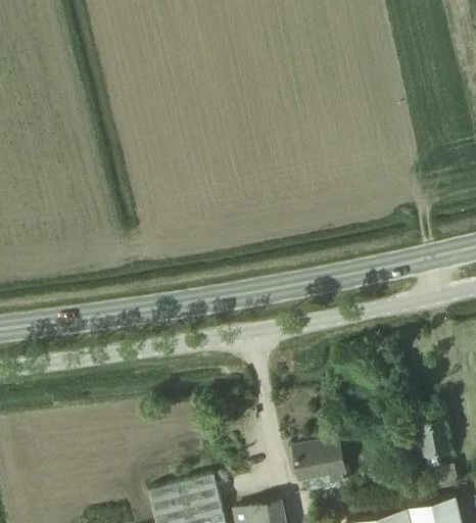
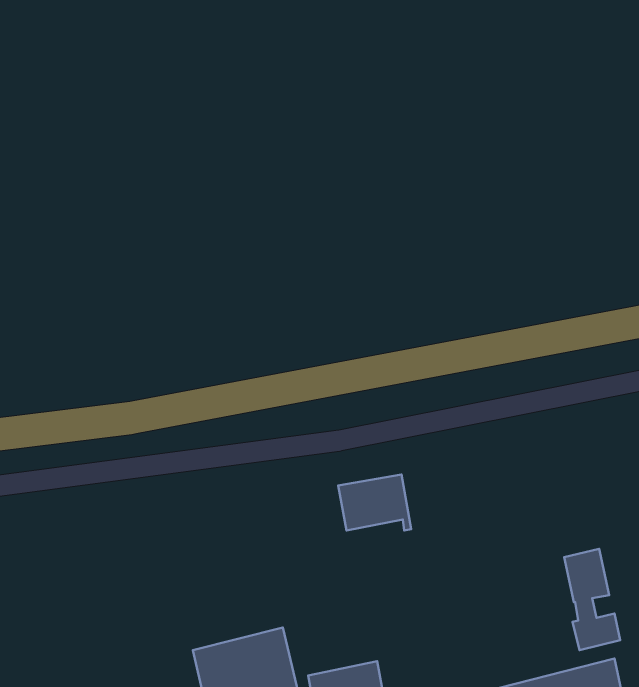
building: [293,441,346,482] -> [338,474,411,531]

